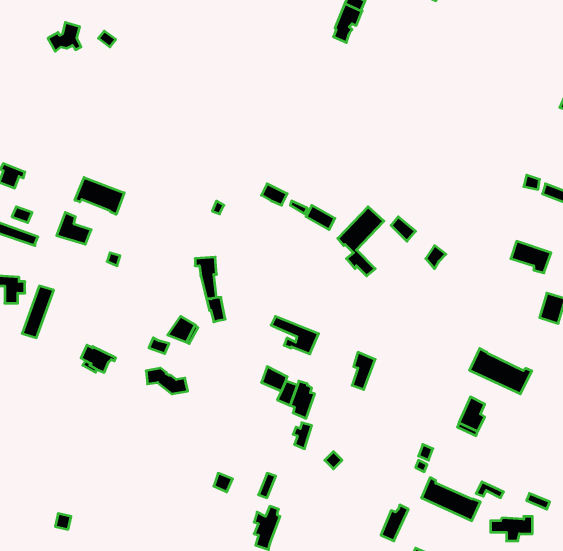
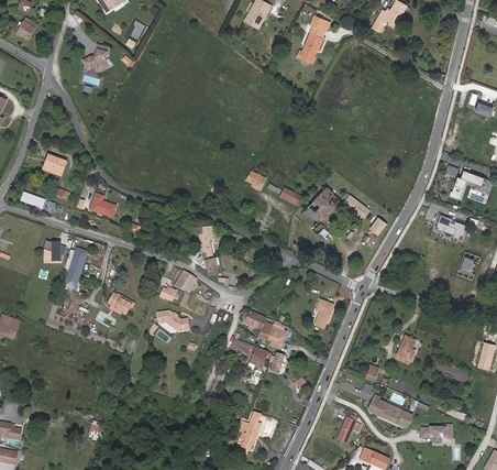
building: [75,177,124,214] -> none
building: [271,316,319,354] -> [231,338,267,367]
building: [470,348,532,394] -> none

